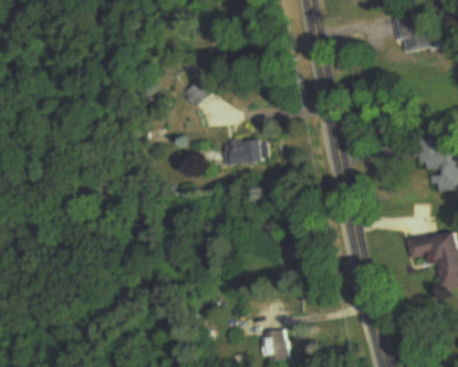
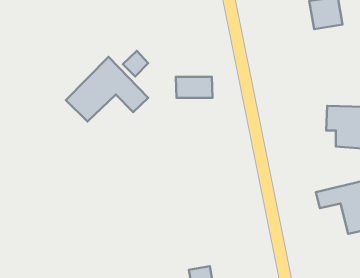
building: none -> [66,57,148,122]
building: [223,139,267,164] -> [176,77,213,98]

